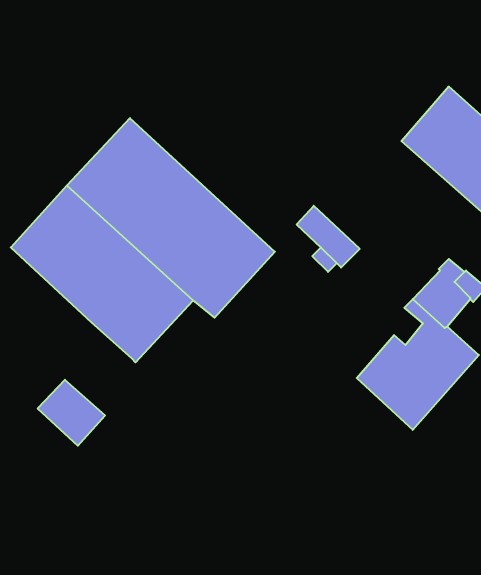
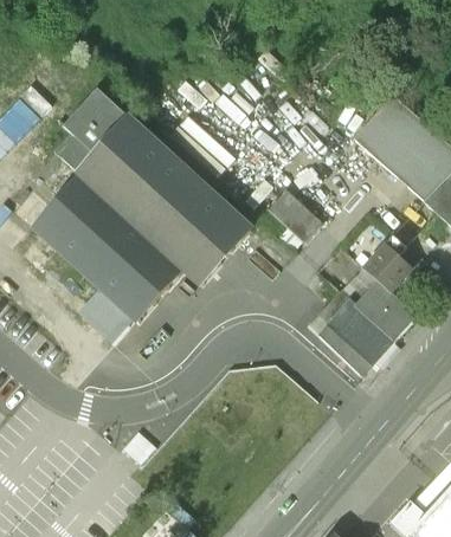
building: none -> [52,90,130,174]
building: [38,380,105,446] -> [76,286,131,341]

